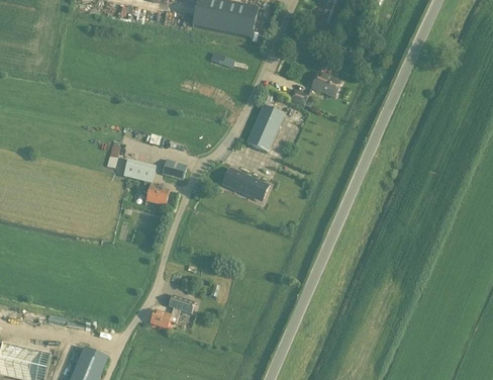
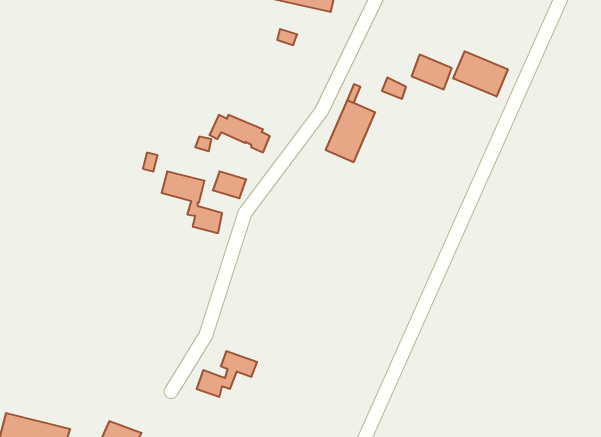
building: none -> [453,51,508,97]
building: [222,171,268,199] -> [209,115,270,152]

